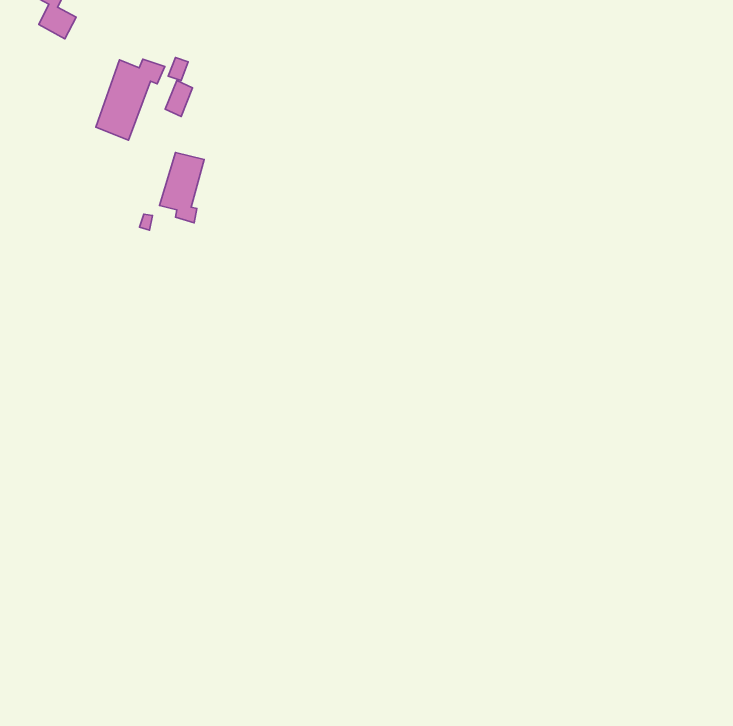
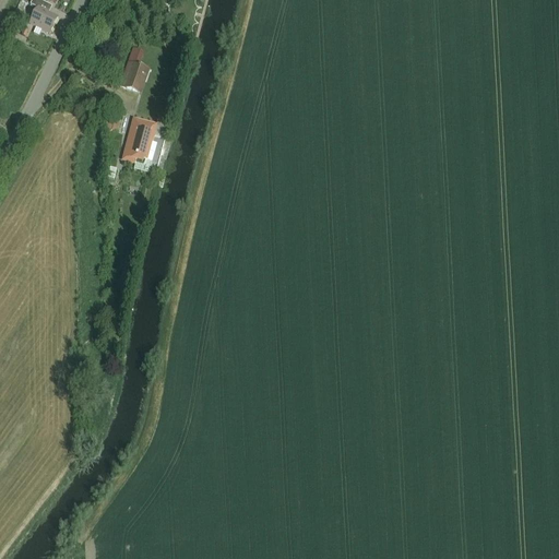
building: [96,59,165,140] -> none

